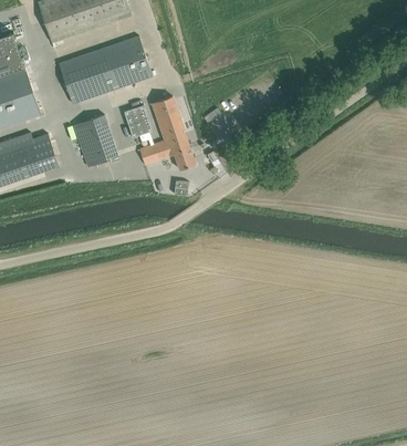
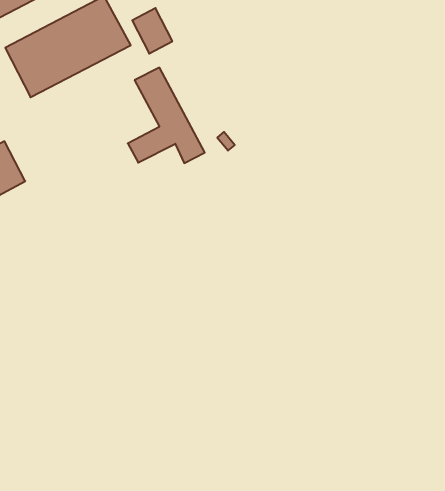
building: [123,104,150,137] -> [132,8,172,54]
building: [72,114,117,166] -> none

